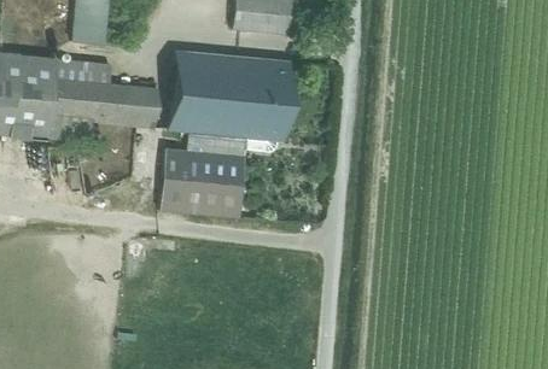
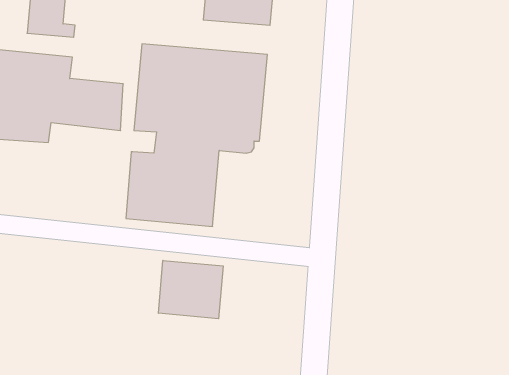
building: none -> [158,260,223,319]

